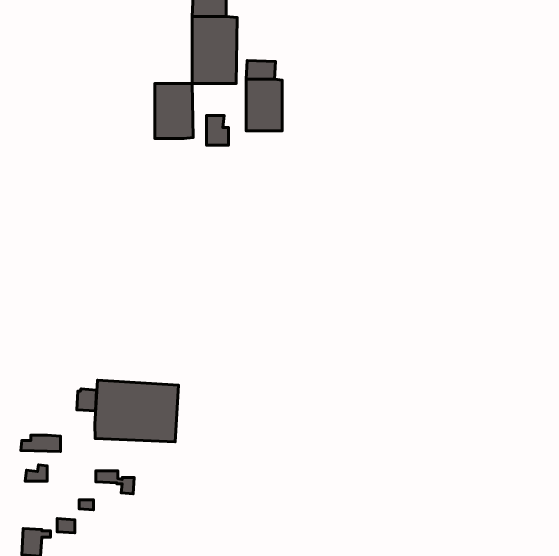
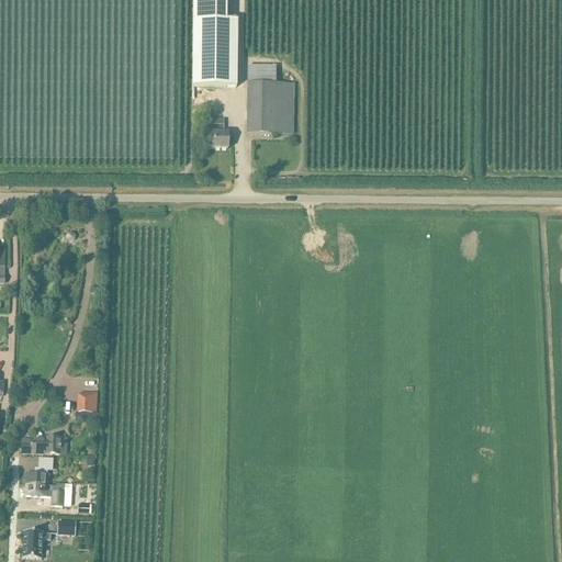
building: [155,84,193,138] -> none
building: [95,380,179,442] -> none
building: [96,471,134,494] -> [27,481,66,504]

